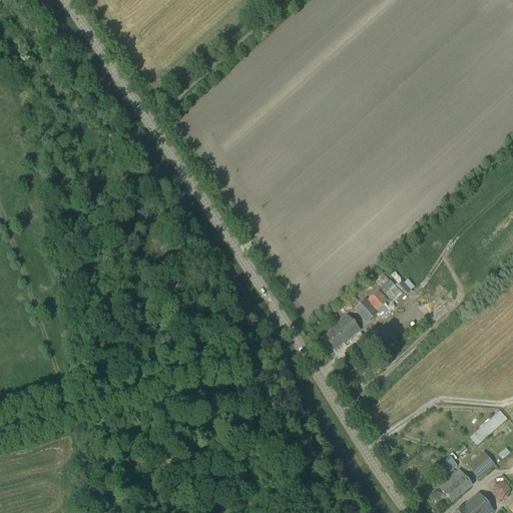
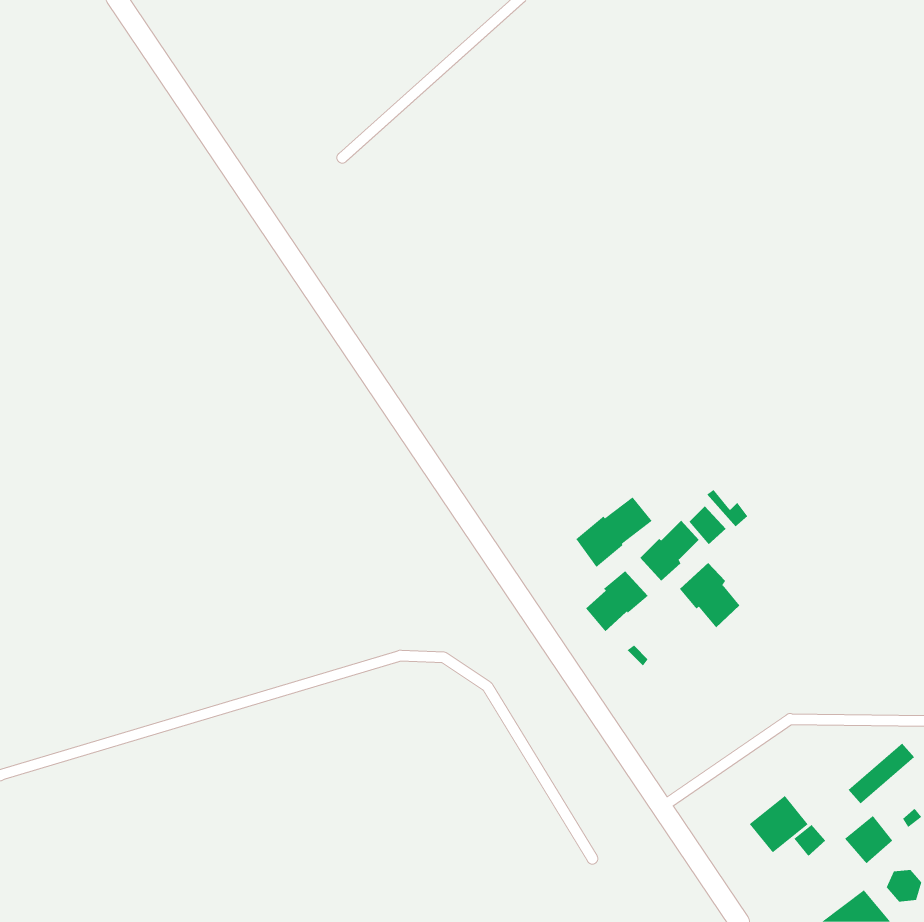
building: none -> [575,496,653,568]
building: none -> [679,562,740,628]
building: [439,469,472,501] -> [749,795,809,853]

